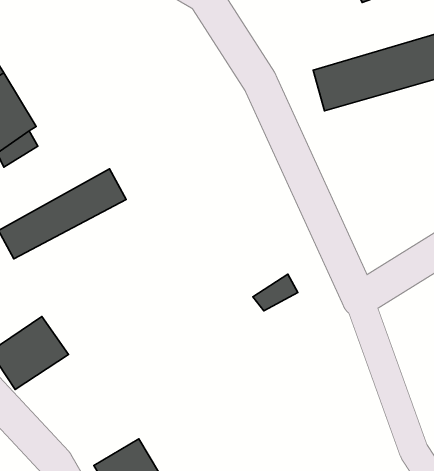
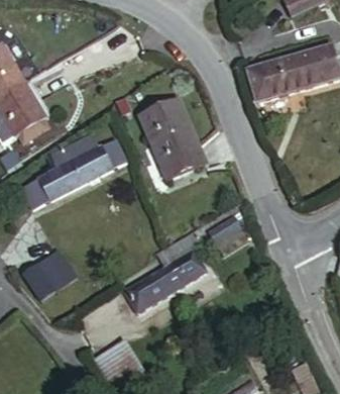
building: none -> [145,100,205,180]
building: none -> [122,236,200,314]

